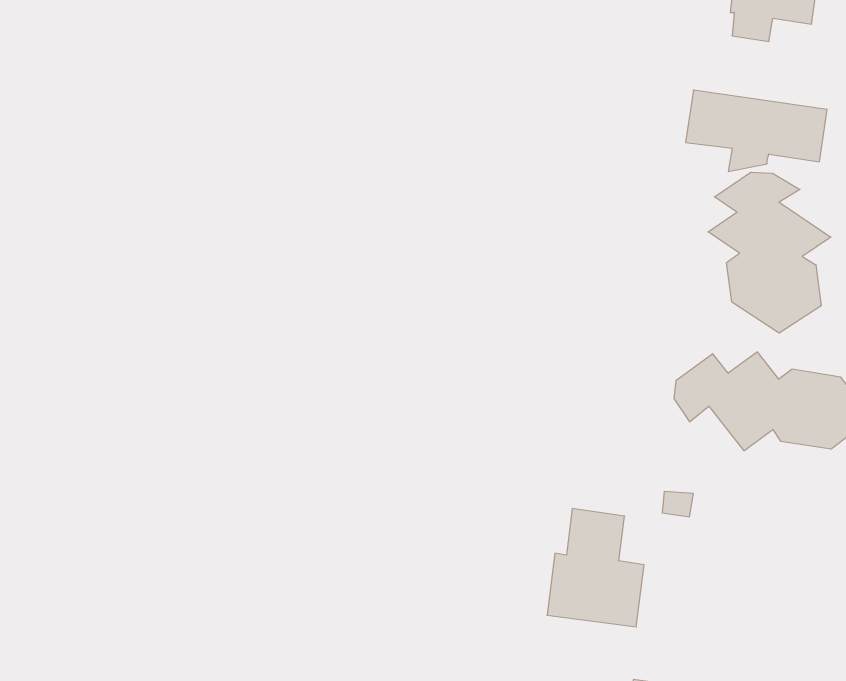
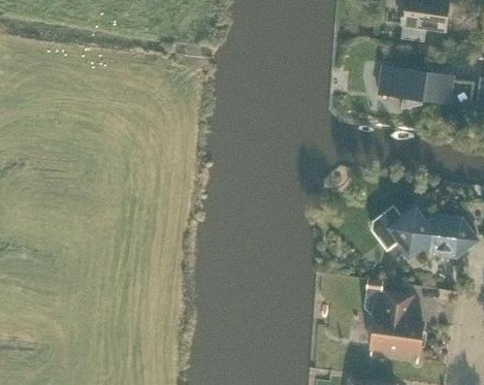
building: [708,172,831,333] -> none
building: [547,509,644,627] -> [372,292,423,355]

